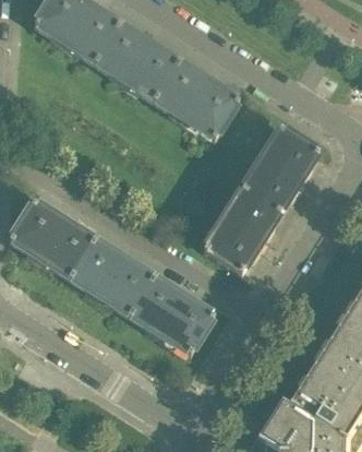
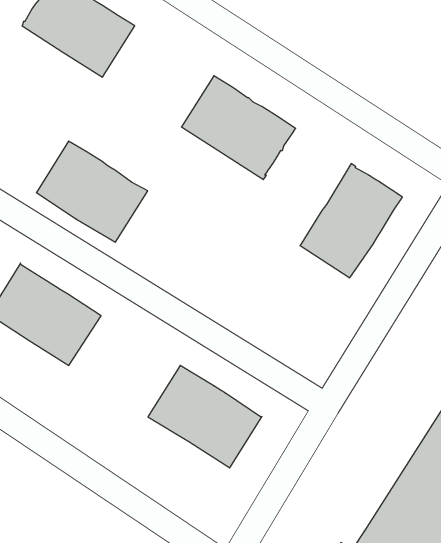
building: [95,25,178,100] -> [36,141,148,242]
building: [204,189,279,274] -> none
building: [70,241,153,317] -> none

